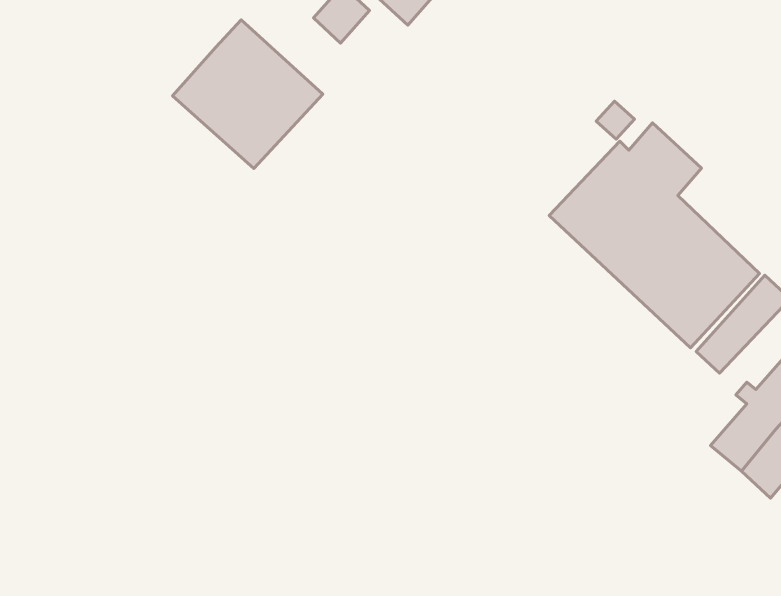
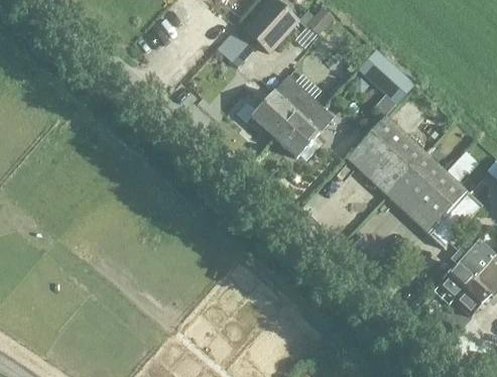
building: none -> [359,49,405,95]
building: [172,20,323,168] -> [251,75,335,157]

